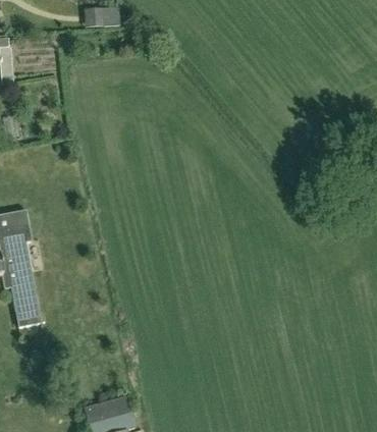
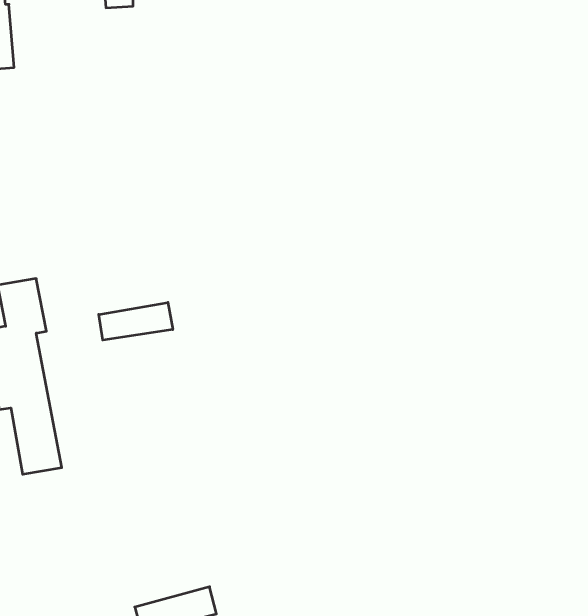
building: none -> [99,302,173,340]

